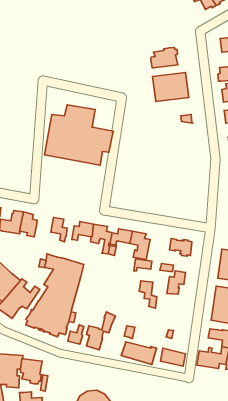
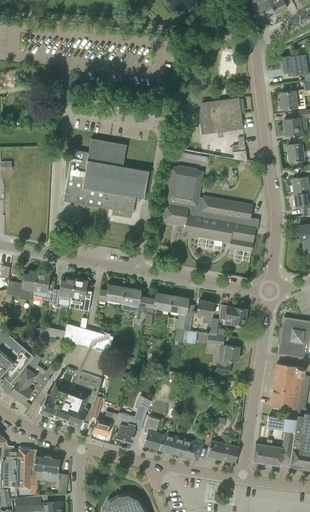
building: [151,48,178,68] -> none
building: none -> [161,167,256,252]
building: none -> [51,277,75,306]
building: [139,281,157,308] -> [197,301,219,335]
building: none -> [143,417,164,450]

